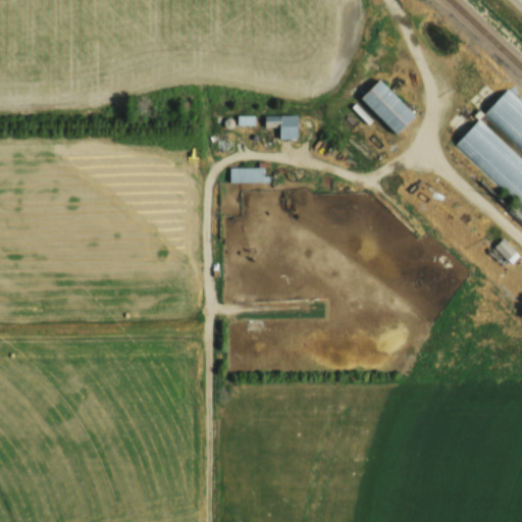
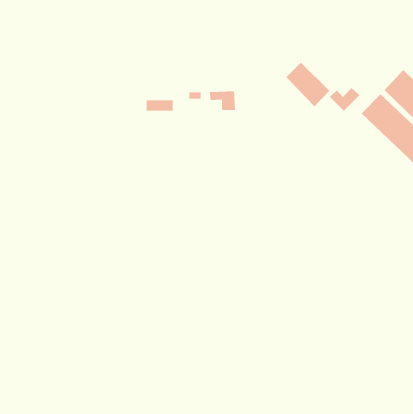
building: none -> [329,87,360,111]
building: [231,168,266,182] -> [146,100,173,111]

